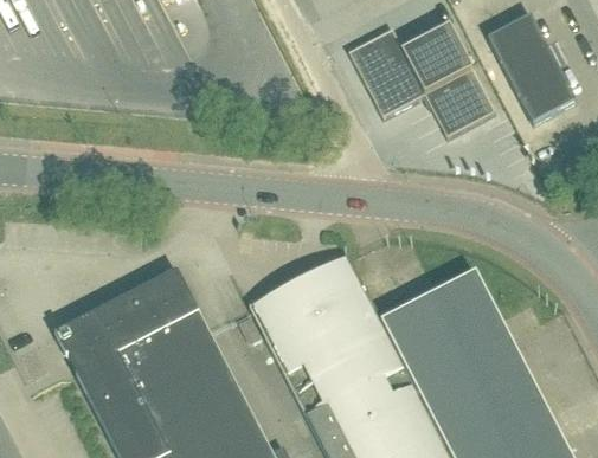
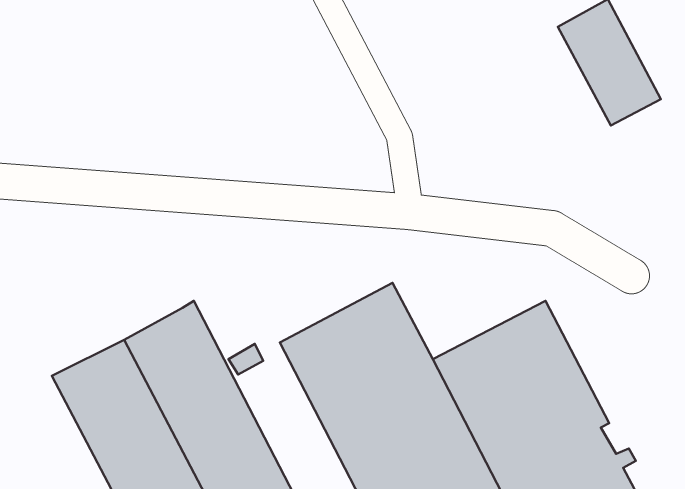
building: [346,21,493,134] -> none

